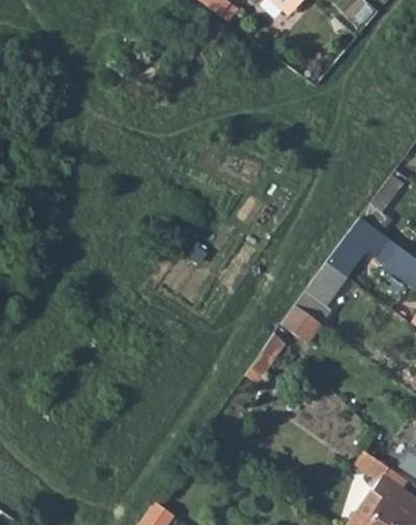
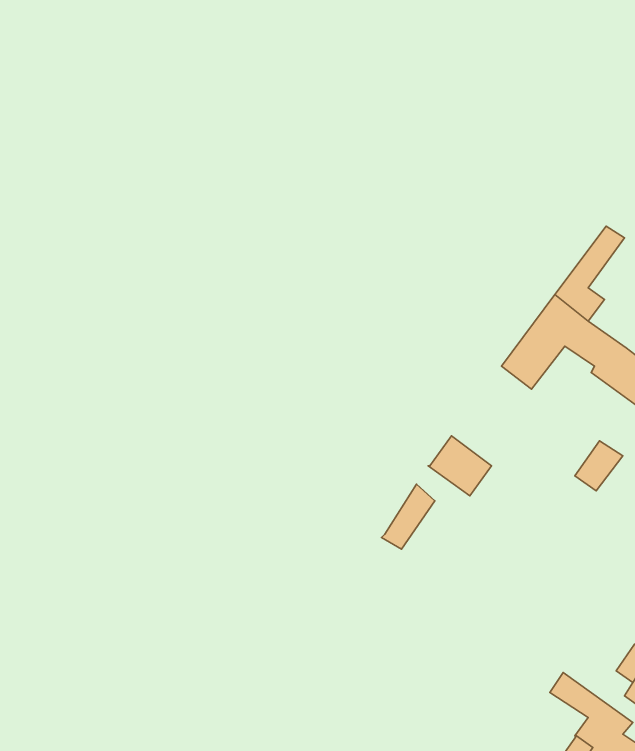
building: [295,261,345,323] -> none

